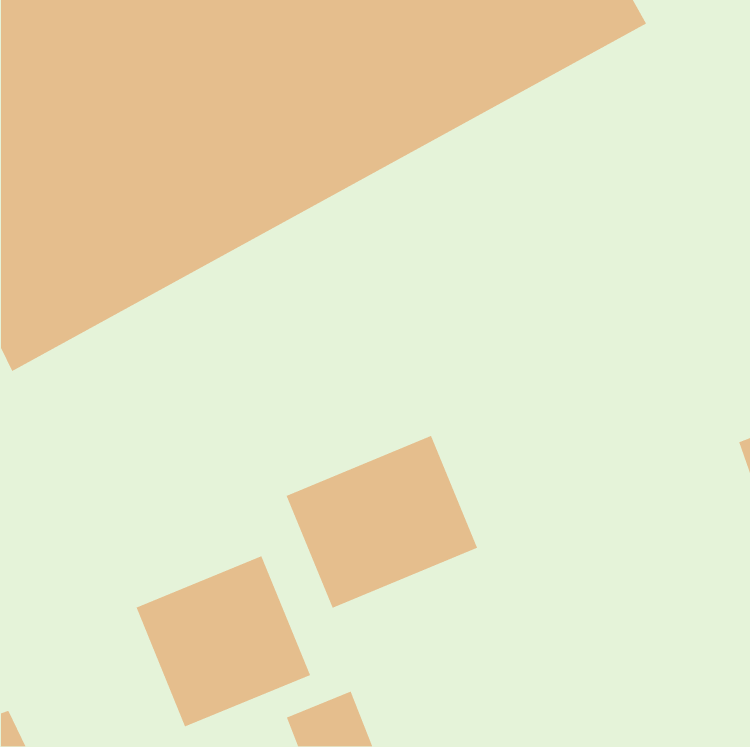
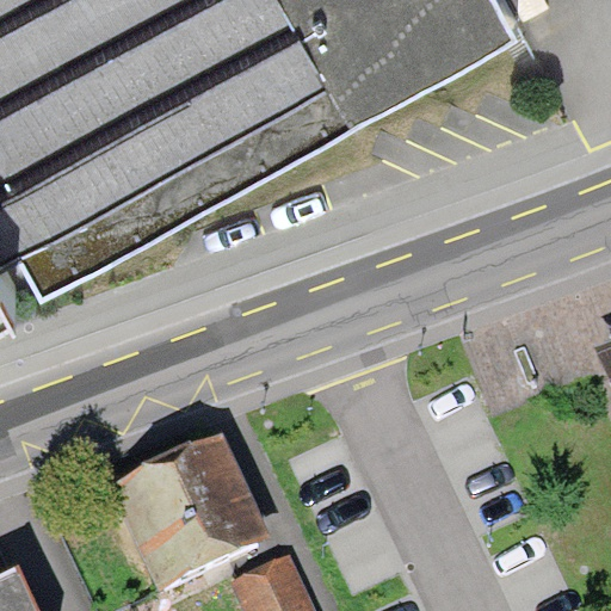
building: [286,435,478,609] -> none

